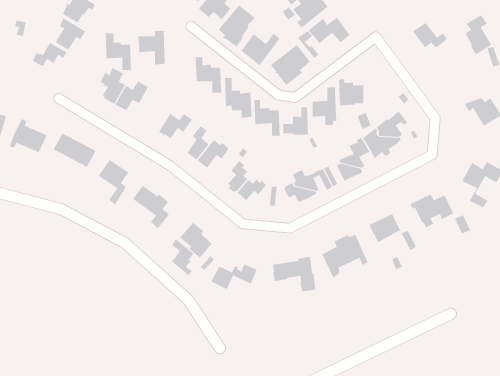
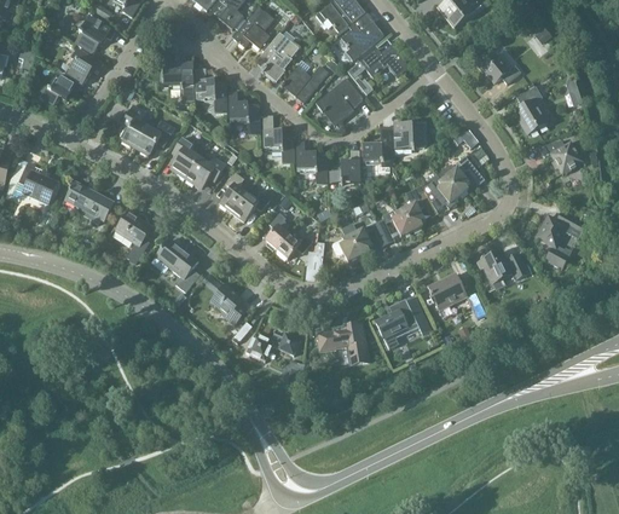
building: [465,14,492,55] -> [516,86,548,133]
building: [105,33,132,70] -> [196,69,227,112]
building: none -> [172,135,199,179]
building: [171,238,194,276] -> none

